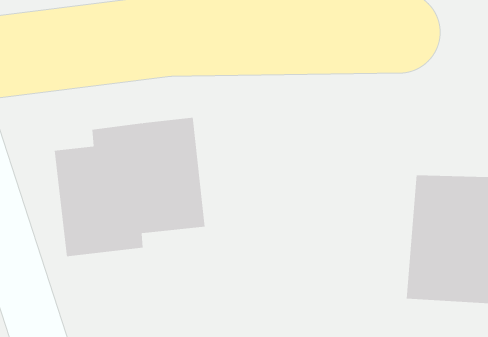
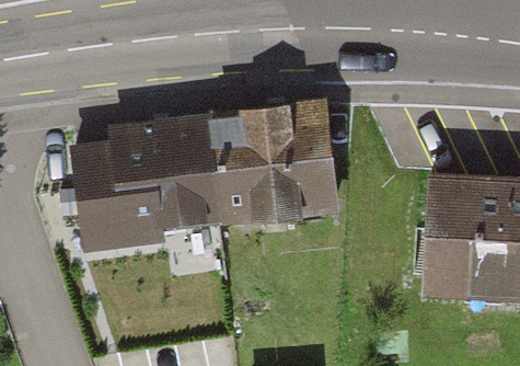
building: none -> [212,104,340,226]

